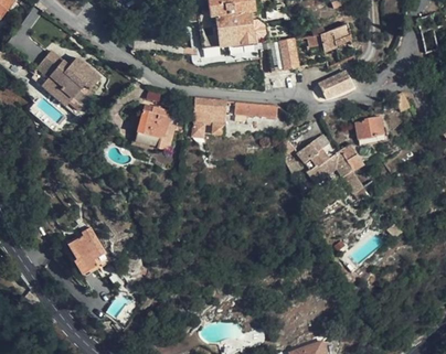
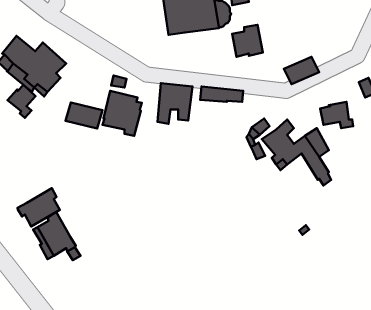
building: [306,23,351,50] -> none
building: none -> [8,85,36,118]
building: none -> [65,102,103,129]
building: none -> [18,188,60,226]

